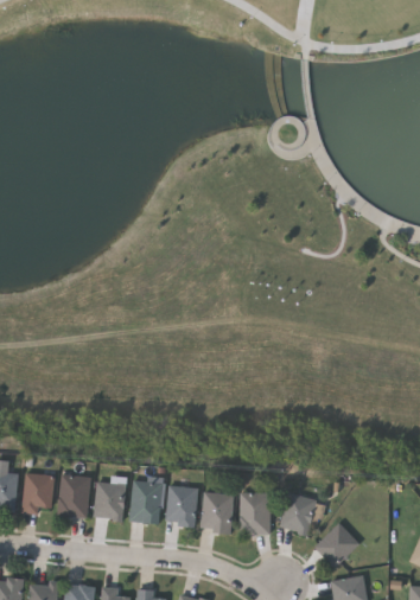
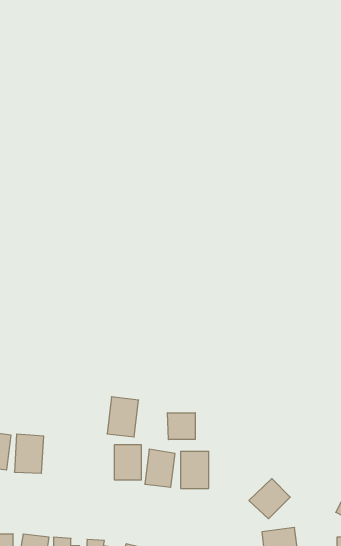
building: none -> [168,413,195,440]
building: [94,480,126,519] -> none
building: [129,480,164,524] -> [107,397,139,437]
building: [280,492,317,535] -> none

